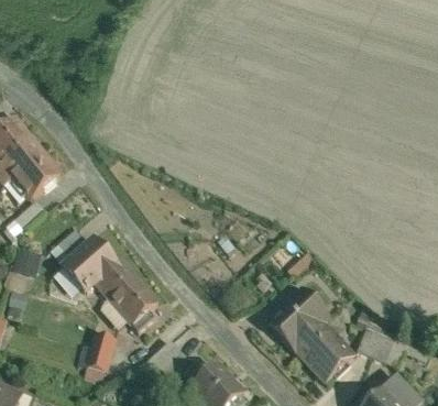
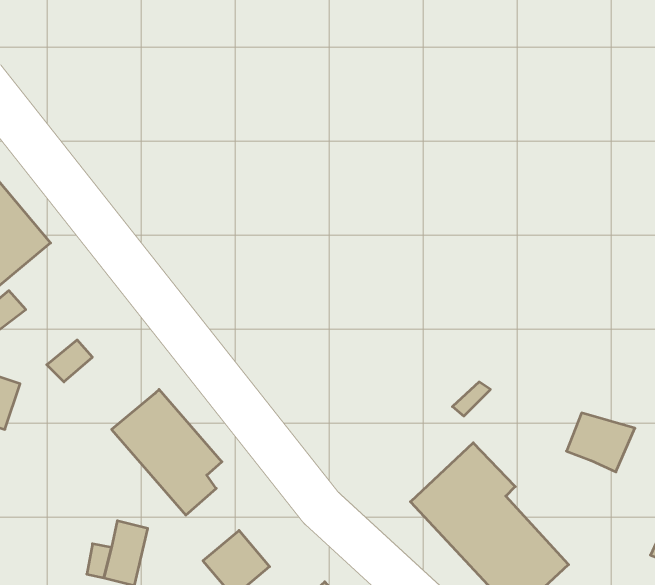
building: [63,233,119,287] -> none
building: [355,326,395,360] -> [566,413,635,472]

